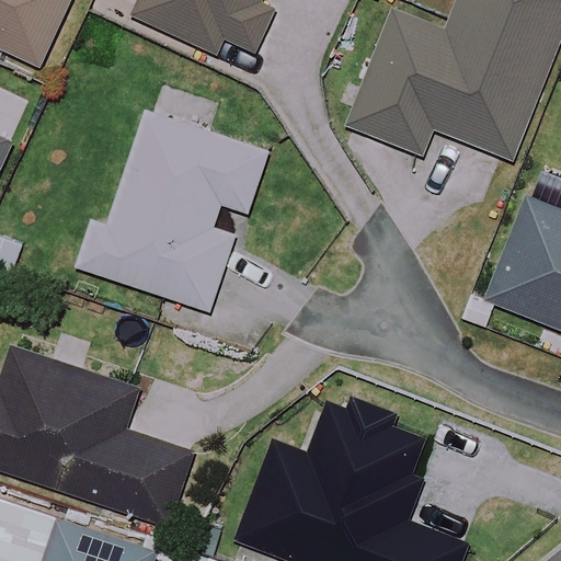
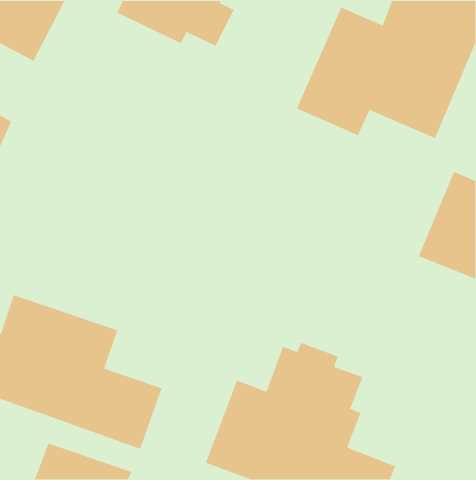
building: [76,111,266,309] -> none

